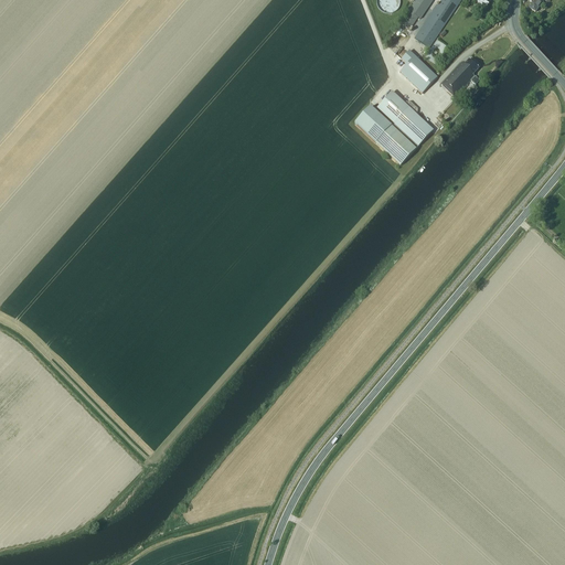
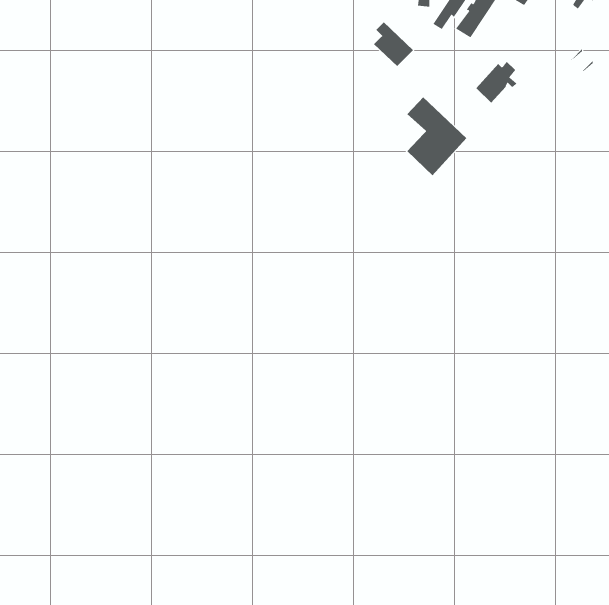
building: [399,49,437,90] -> [373,22,414,67]
building: [355,105,392,140] -> none

